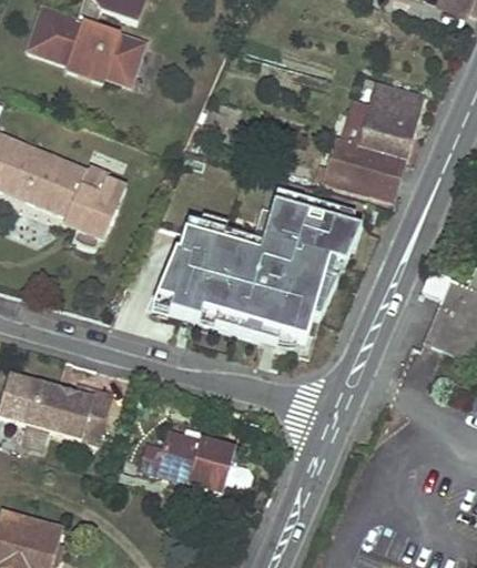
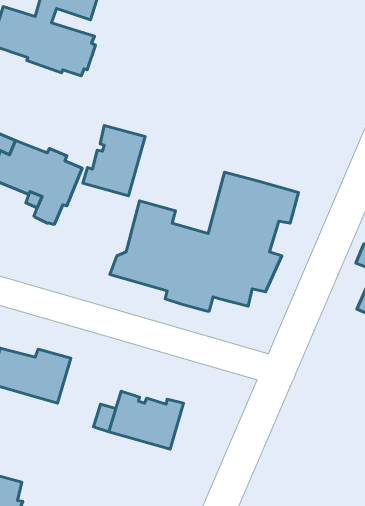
building: [326,83,422,201] -> none
building: none -> [83,126,145,196]

